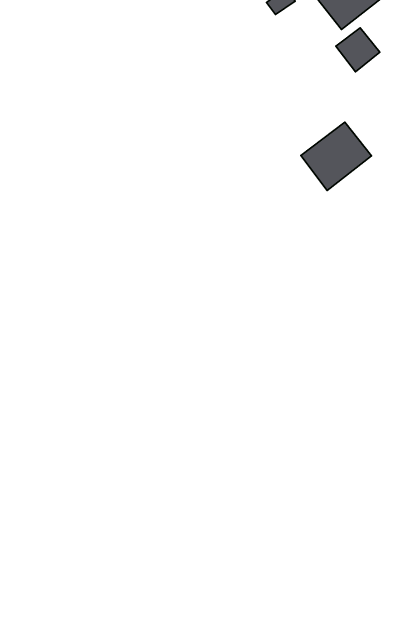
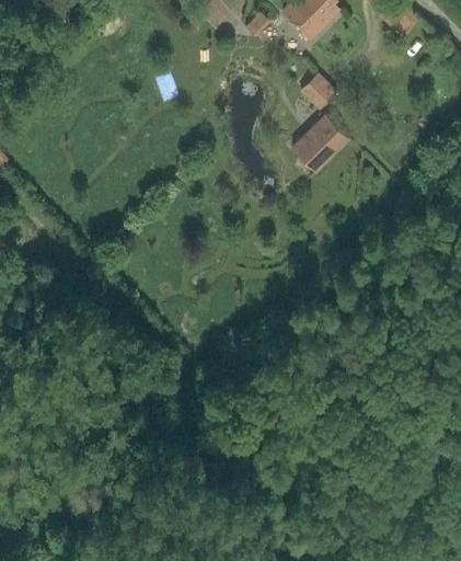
building: [336,28,380,72] -> [299,76,335,112]

